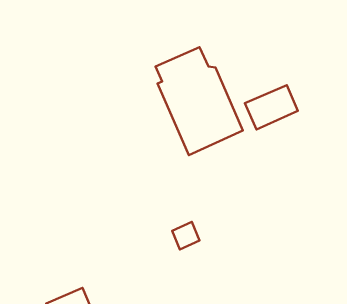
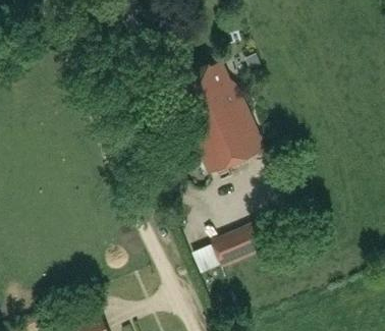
building: [245,85,298,129] -> none
building: none -> [216,224,268,262]

